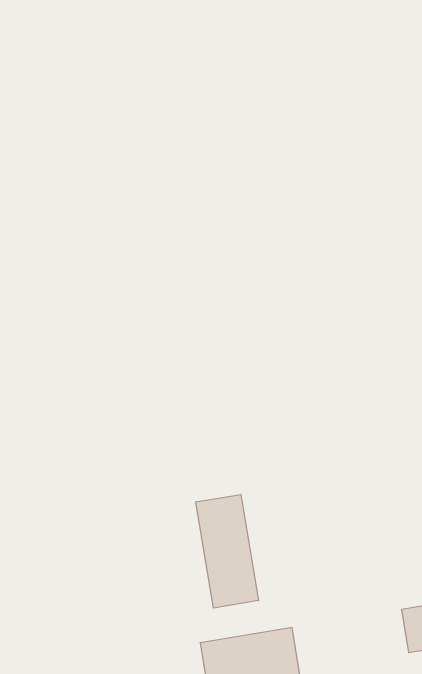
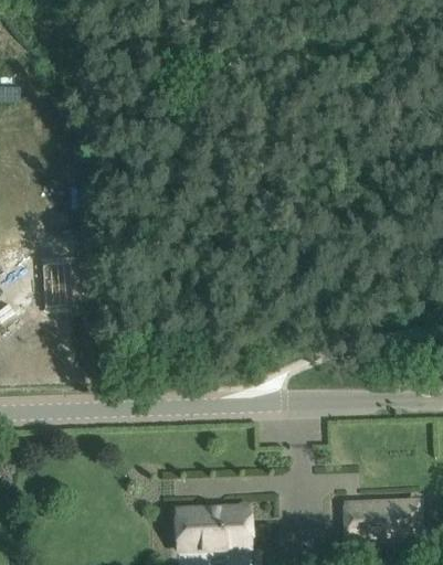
building: [196,494,258,608] -> none

